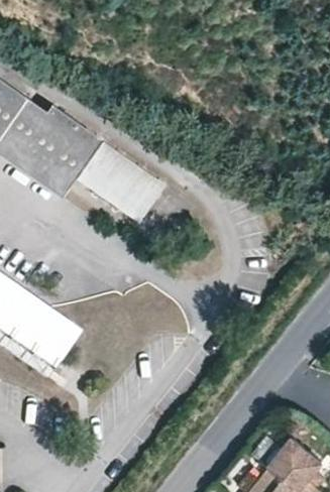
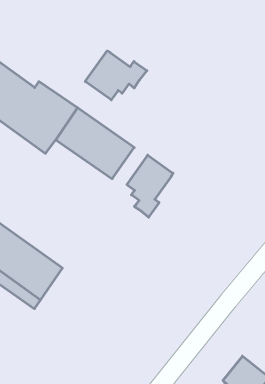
building: none -> [85,51,147,100]
building: none -> [127,155,173,217]

